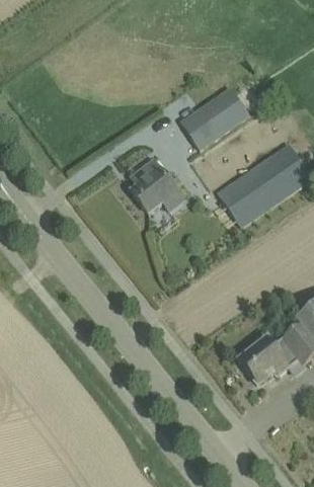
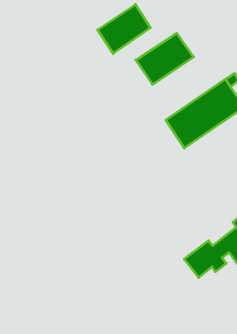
building: none -> [98,4,150,54]
building: [132,155,178,213] -> none

